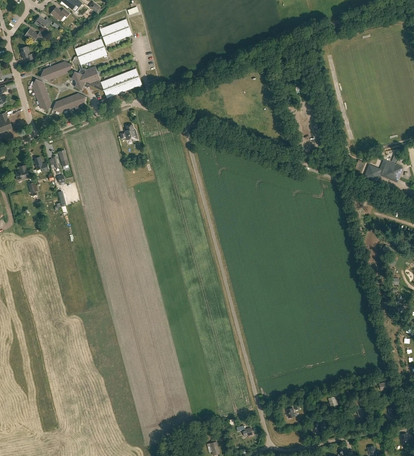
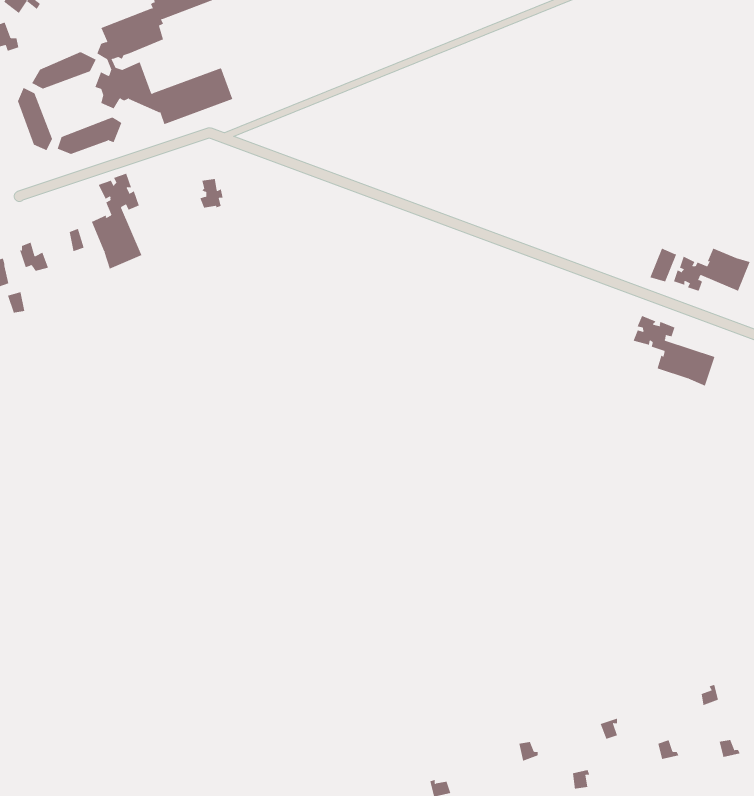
building: none -> [91,173,142,269]
building: none -> [633,315,715,387]

